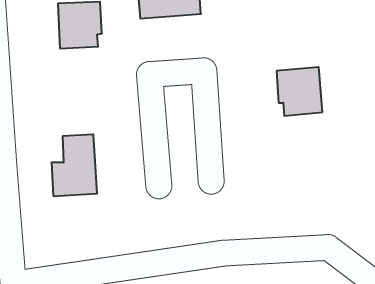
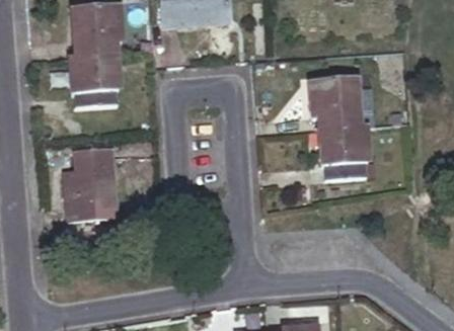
building: none -> [72,55,121,105]
building: none -> [319,125,368,177]

